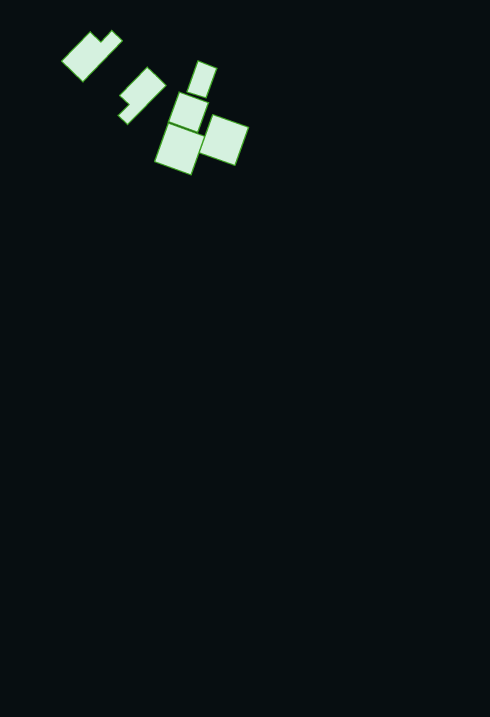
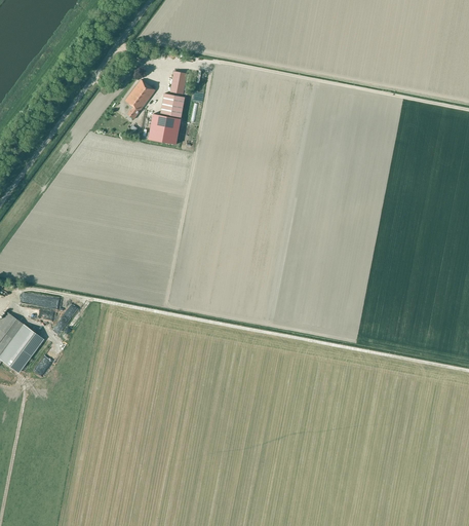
building: [62,30,122,82] -> none
building: [199,115,248,165] -> none

